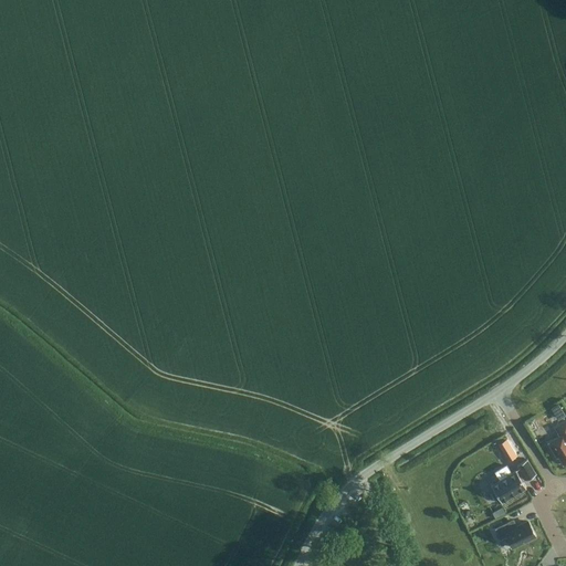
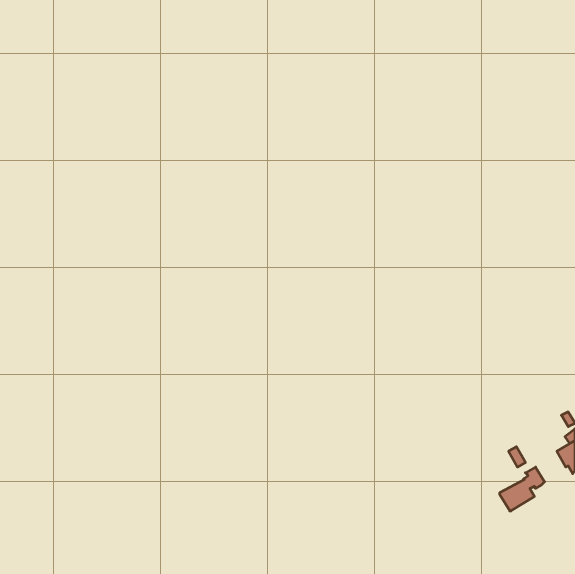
building: [493,521,533,547] -> none

